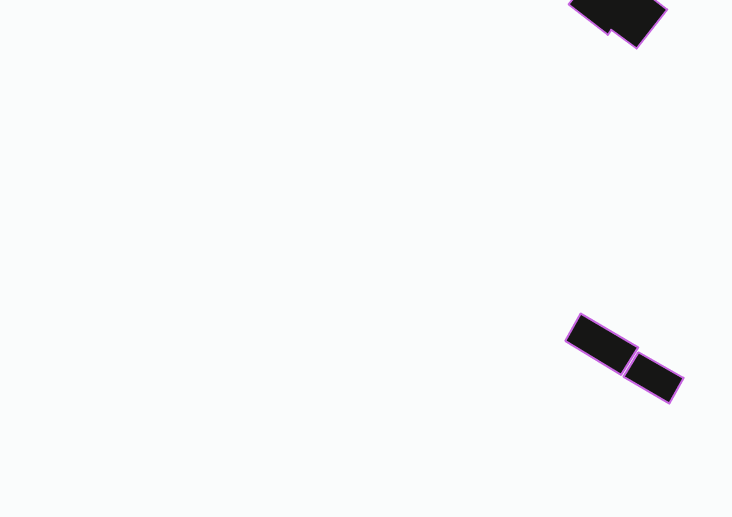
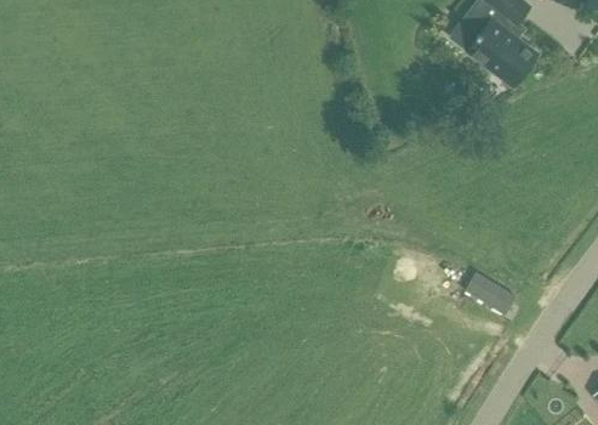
building: [624,352,684,404] -> none

